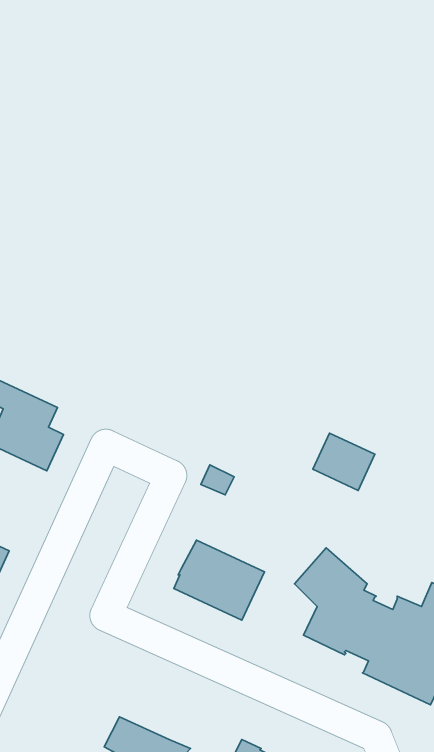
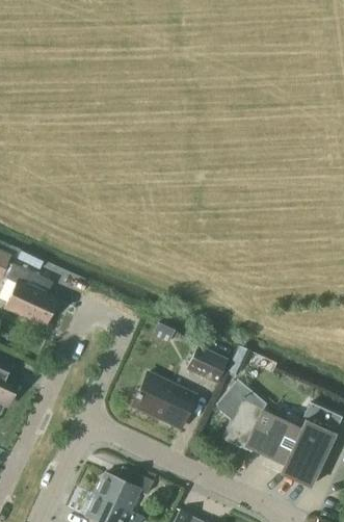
building: [313,433,375,490] -> [185,345,228,385]
building: none -> [96,468,154,512]

